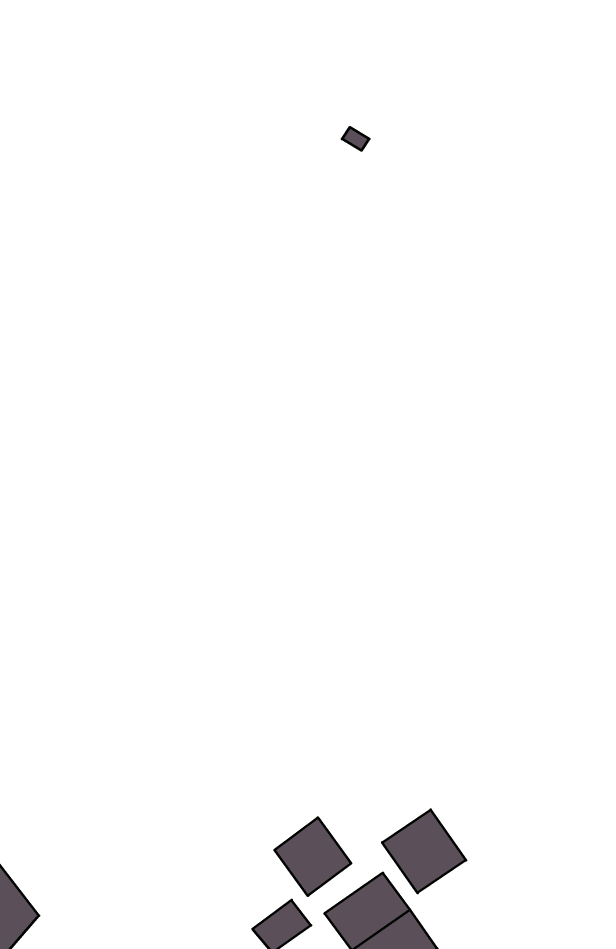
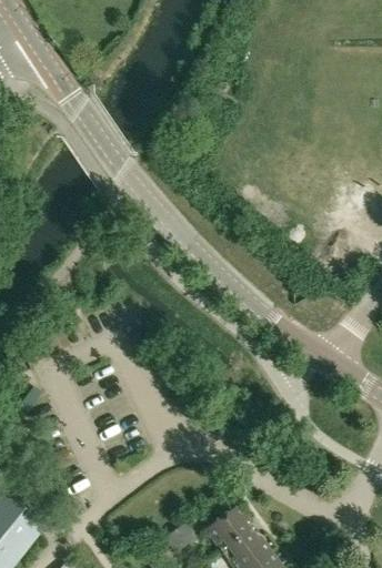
building: [382,810,466,893] -> none
building: [275,818,351,896] -> none

